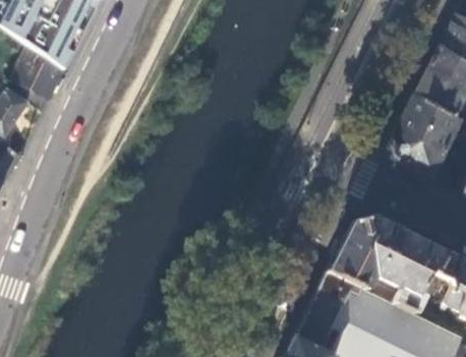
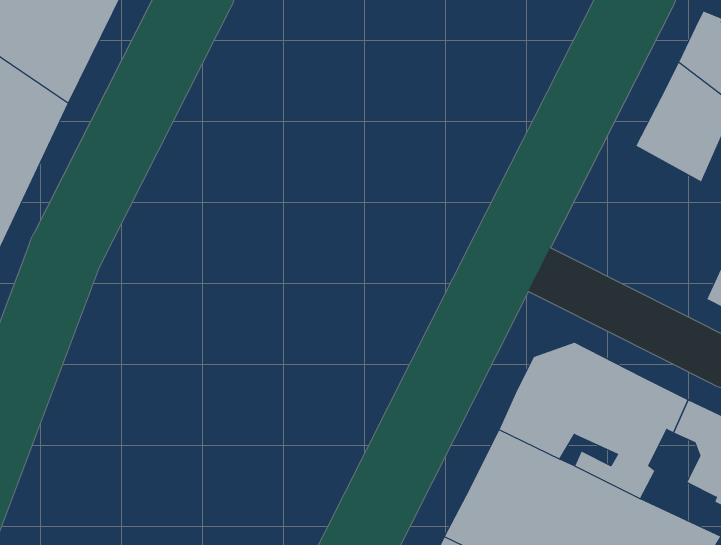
building: [389,96,457,183] -> none

